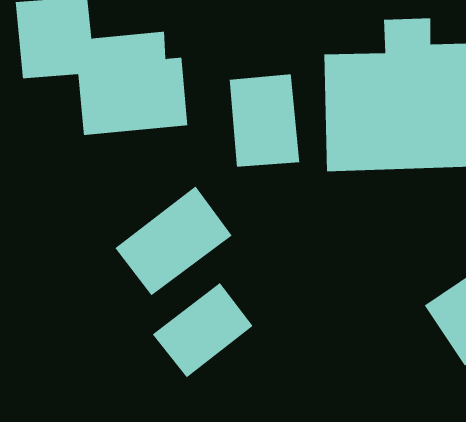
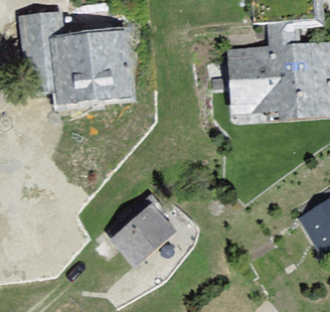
building: [229,73,300,167] -> none
building: [114,186,232,296] -> none

